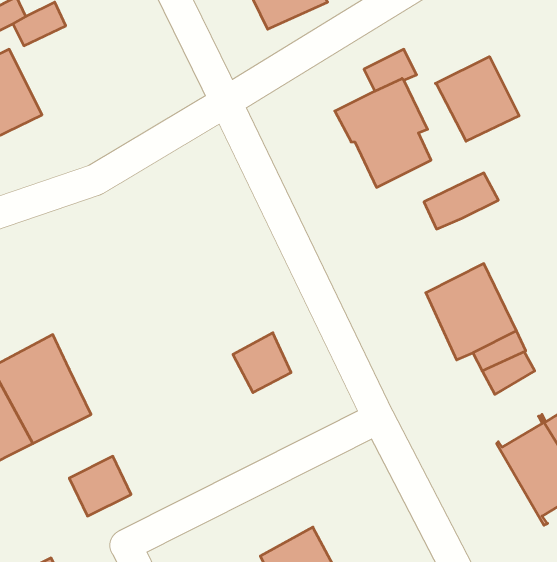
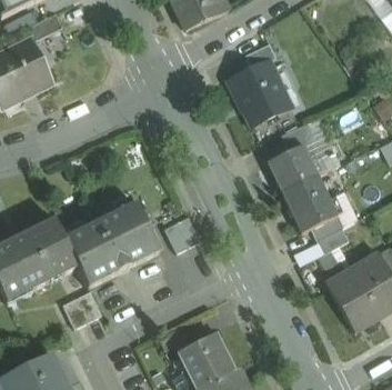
building: [435,57,519,141] -> none
building: none -> [268,146,318,191]
building: none -> [64,203,160,287]

